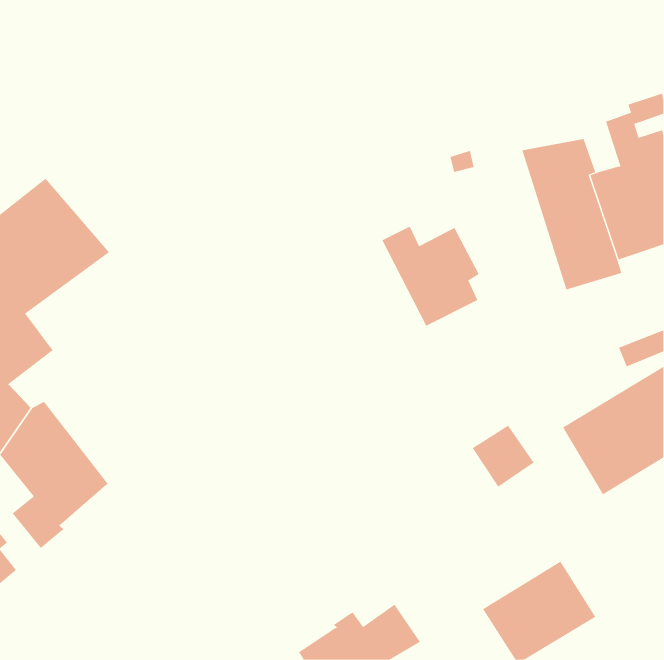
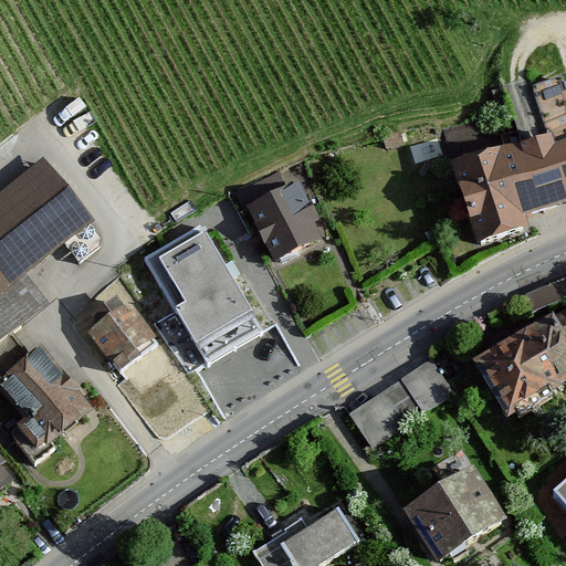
building: [382,226,480,326] -> [237,178,319,263]
building: none -> [146,228,259,361]
building: none -> [87,296,163,371]
building: none -> [348,379,421,447]

